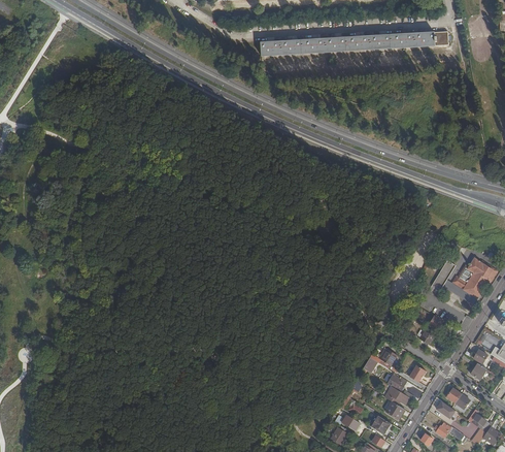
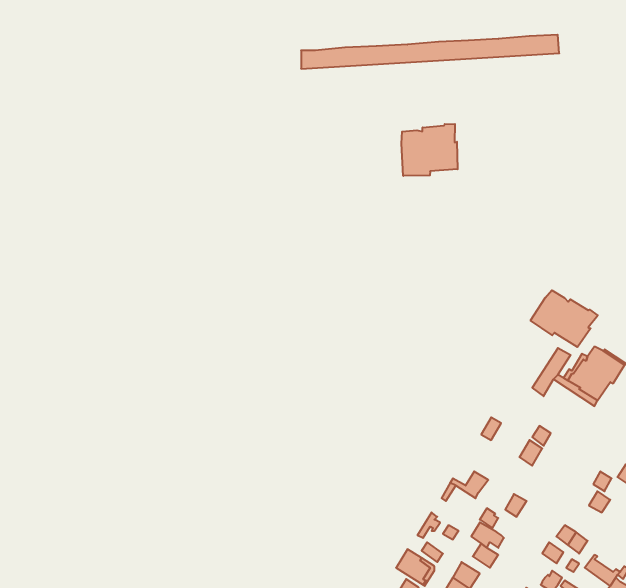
building: none -> [401,124,458,176]
building: none -> [531,290,598,347]

